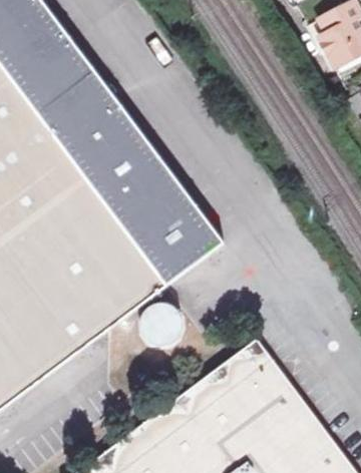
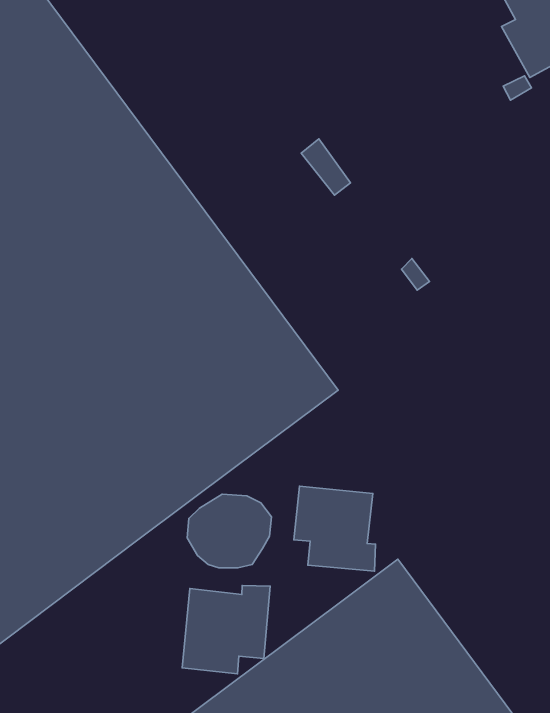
building: none -> [294,486,375,571]
building: none -> [182,585,270,674]

